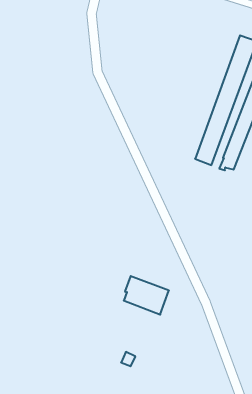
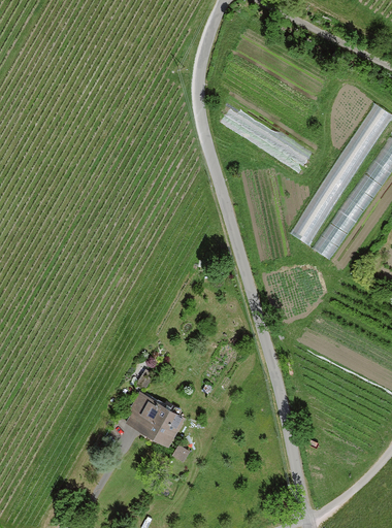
building: [124,276,169,315] -> [128,396,182,446]

